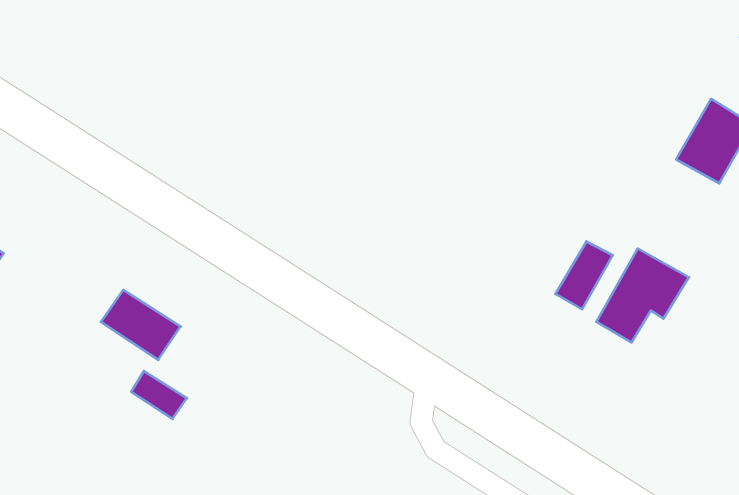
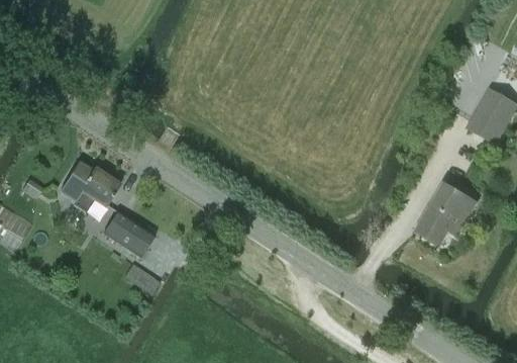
building: none -> [60,163,119,211]
building: [555,241,613,309] -> none

